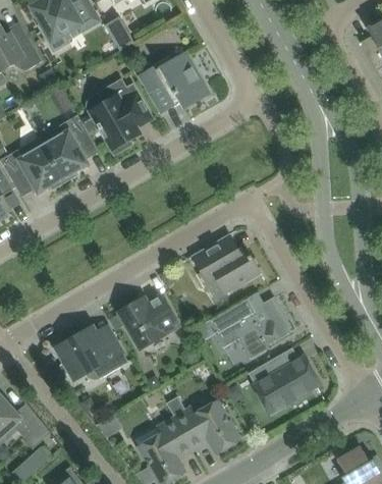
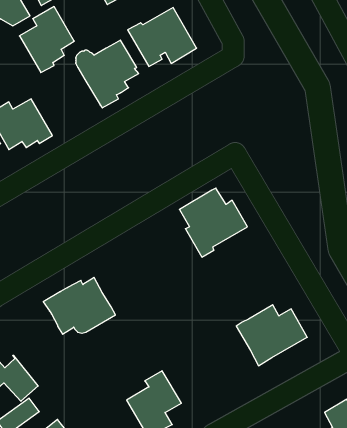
building: [43,115,98,181] -> [19,7,74,73]
building: [118,295,179,349] -> none
building: [210,297,294,359] -> none
building: [165,395,239,453] -> none

